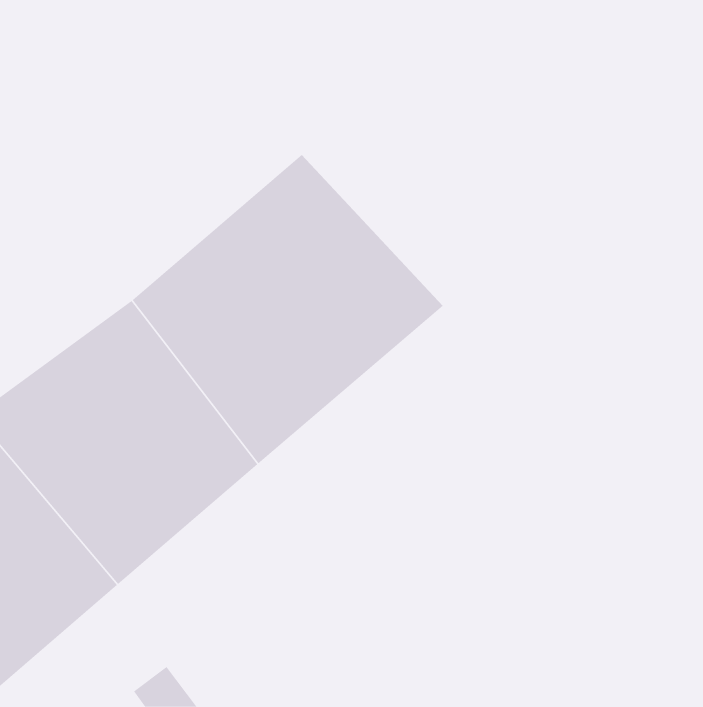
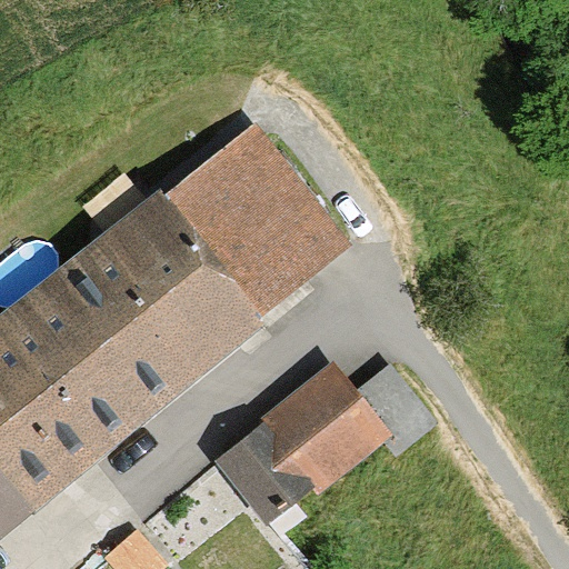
building: none -> [212,355,440,538]

